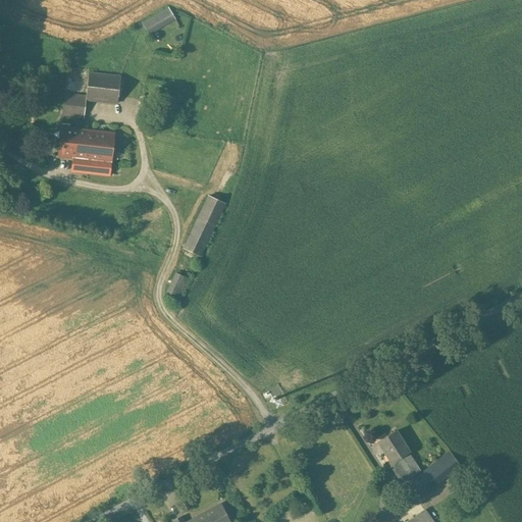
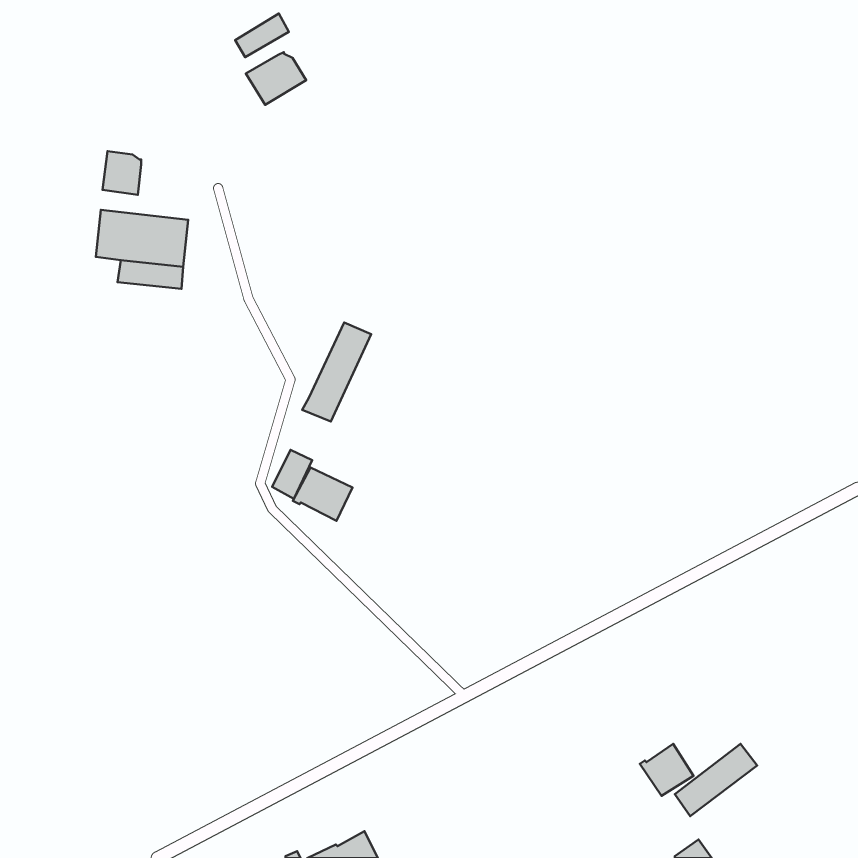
building: none -> [246,52,306,105]
building: [86,73,120,103] -> none
building: none -> [293,467,352,521]
building: [378,431,409,463] -> none

